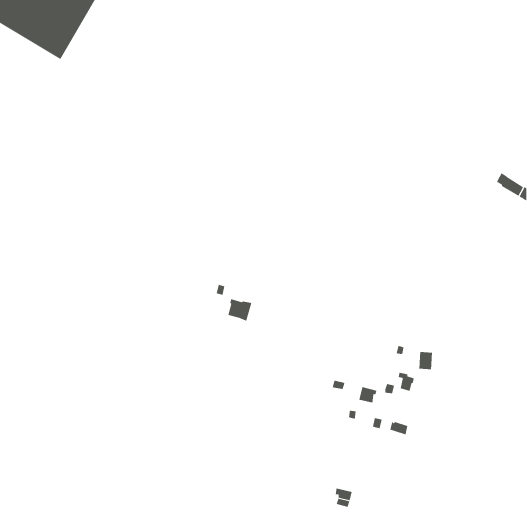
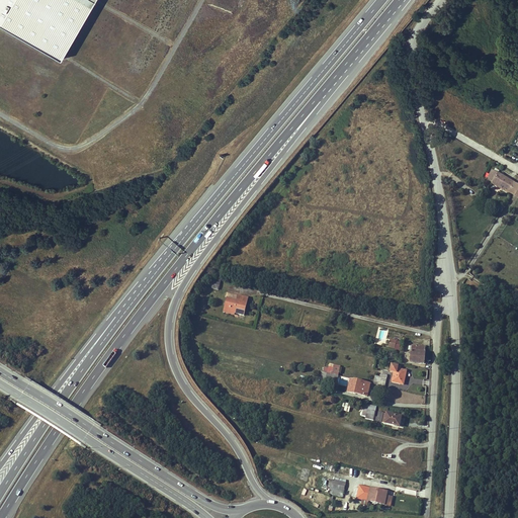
building: none -> [357,485,392,505]

